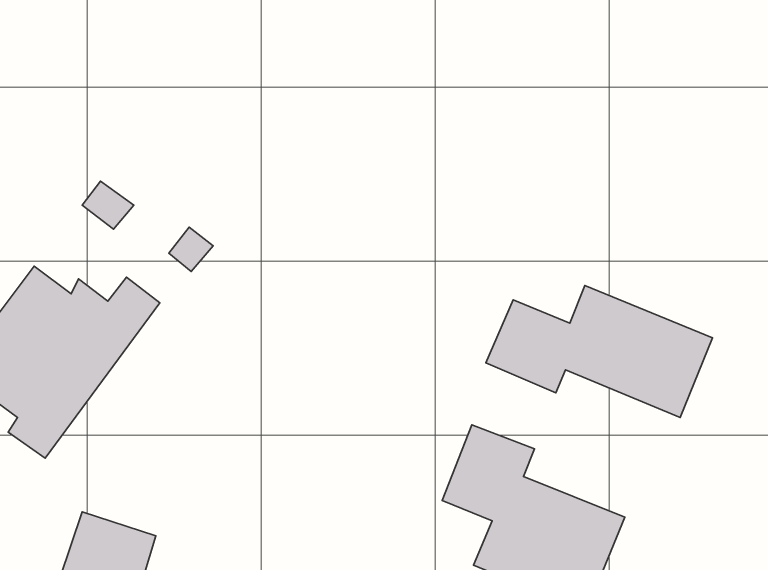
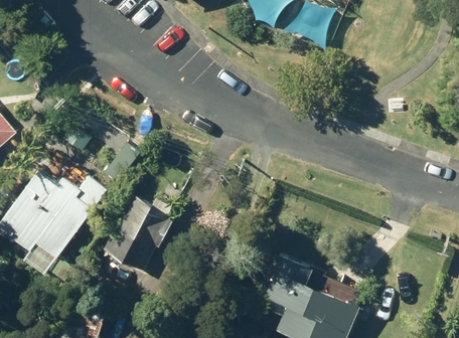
building: [486,286,713,417] -> none
building: none -> [101,193,173,272]

